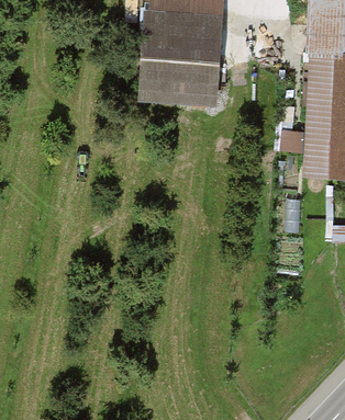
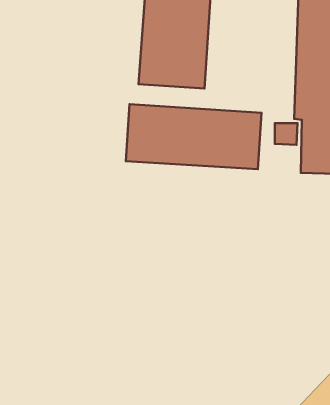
building: none -> [126,104,262,169]

